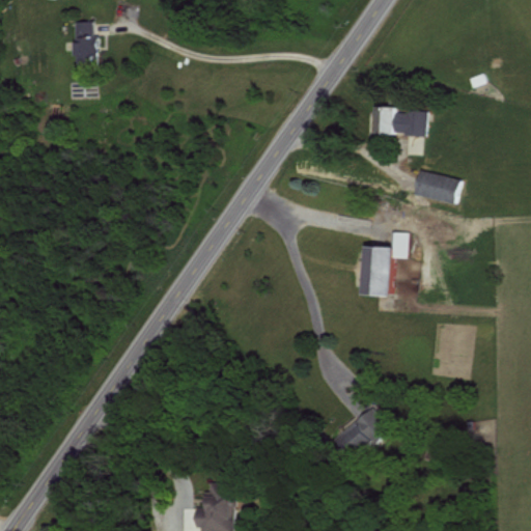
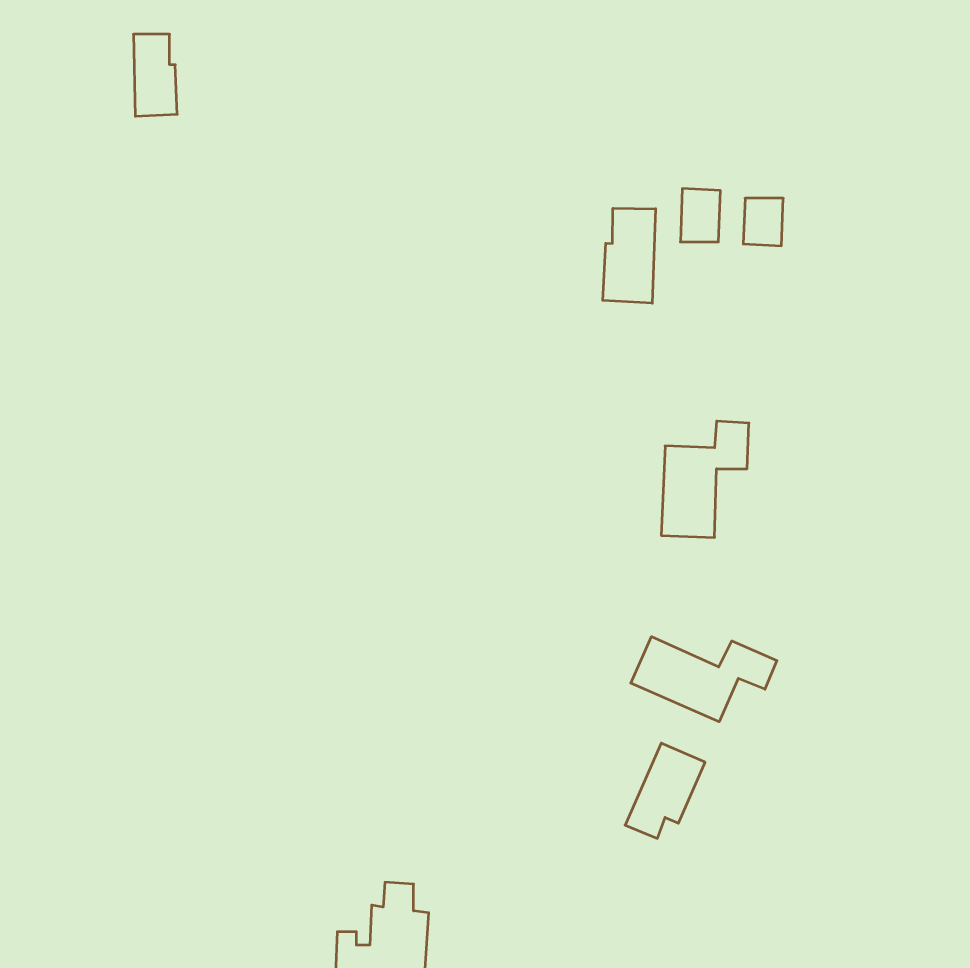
building: none -> [603,208,656,303]
building: [412,172,458,203] -> none
building: none -> [631,637,777,722]

